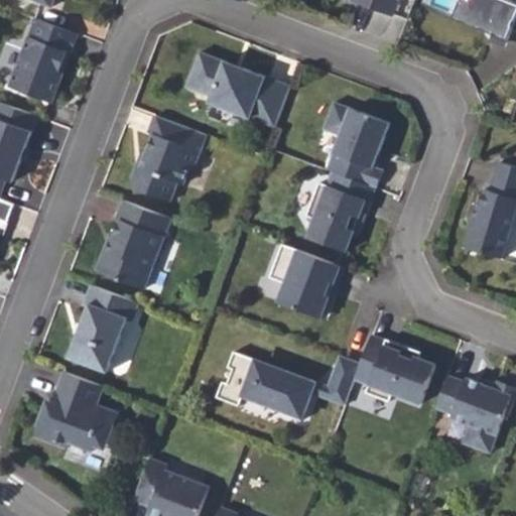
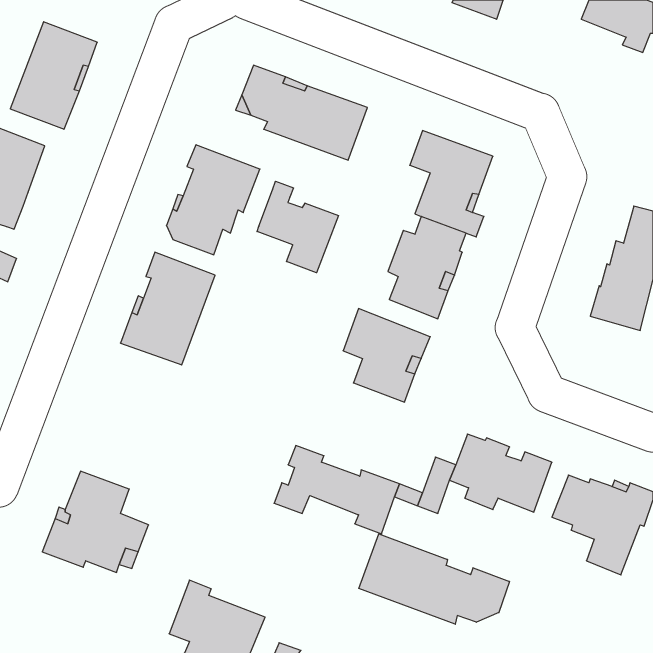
building: none -> [257,181,338,273]
building: [68,285,137,372] -> none
building: none -> [359,534,509,624]

